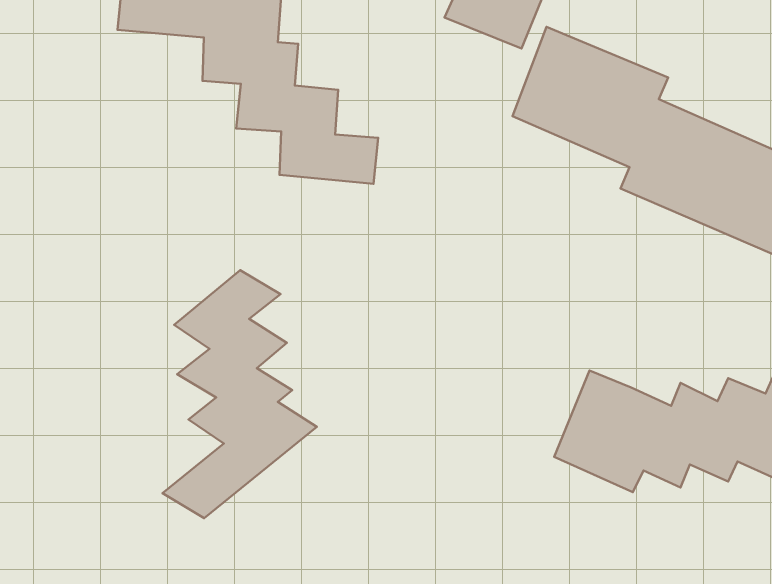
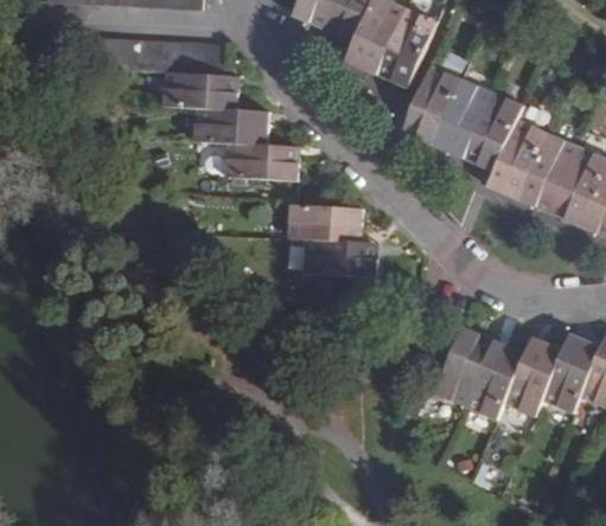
building: none -> [286,205,378,280]
building: [163,270,317,518] -> none

